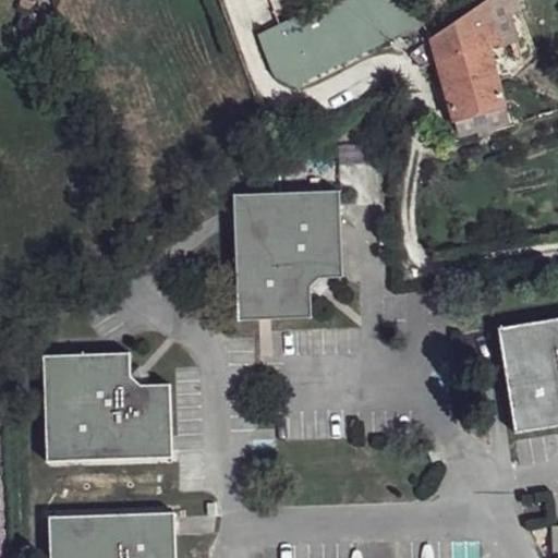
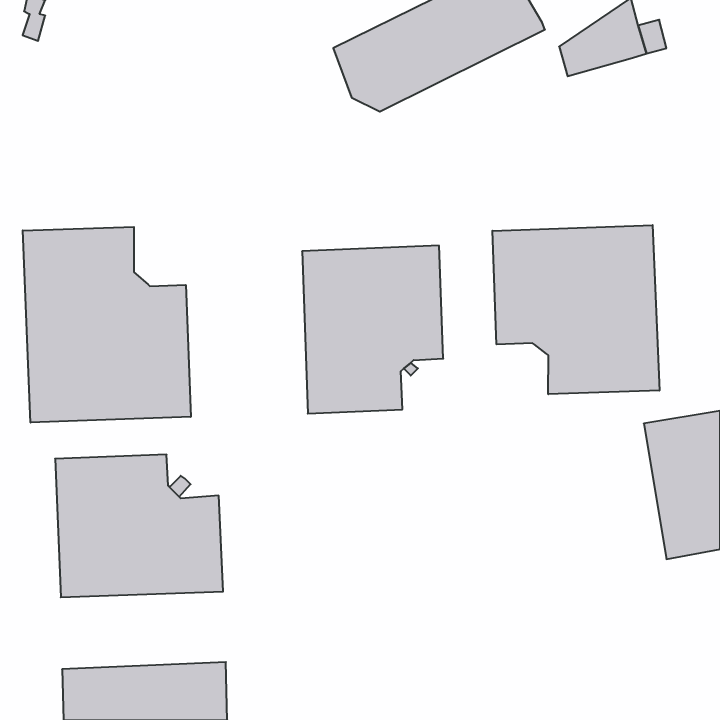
building: [438,45,508,134] -> none
building: none -> [492,225,659,394]
building: none -> [23,227,191,423]

